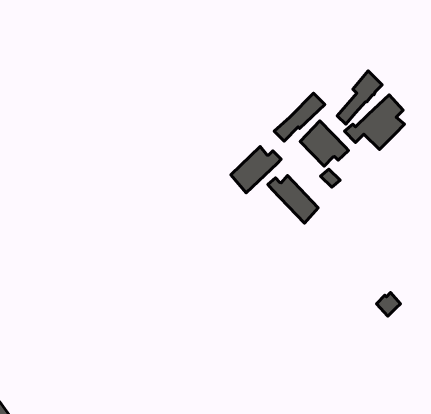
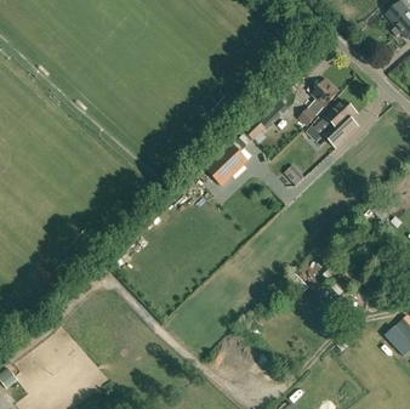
building: [300,121,348,166] -> none
building: [268,176,318,223] -> none

